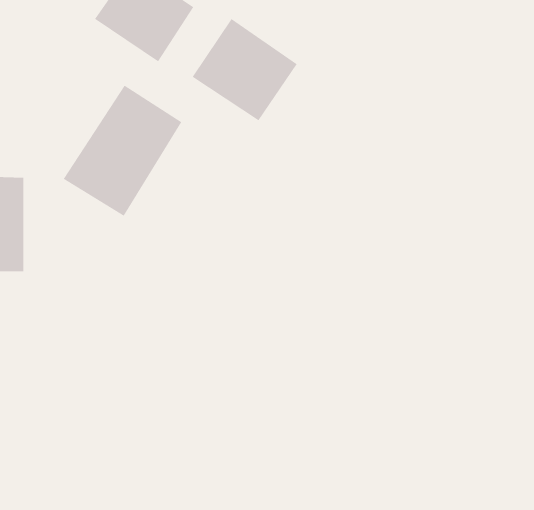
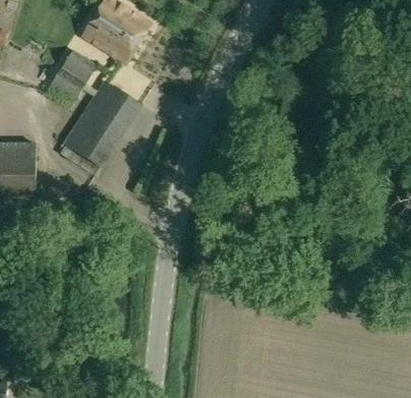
building: [192,18,298,121] -> none
building: none -> [48,49,94,98]

